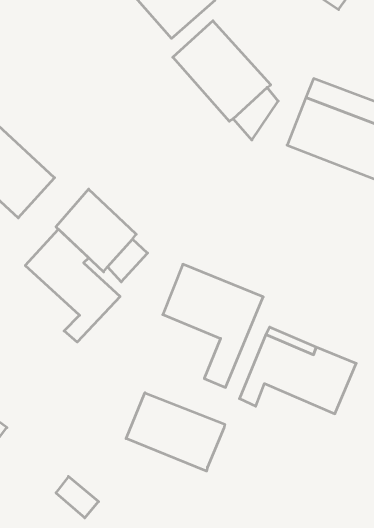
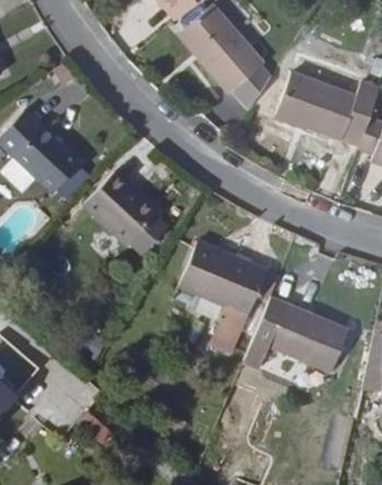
building: [25,229,120,342] -> none
building: [126,393,225,471] -> none

